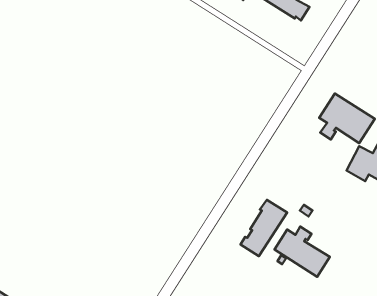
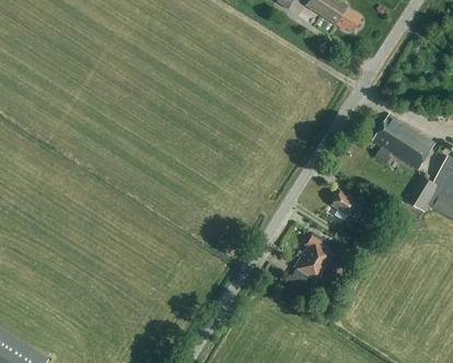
building: none -> [332,191,371,222]
building: [275,227,330,277] -> none

